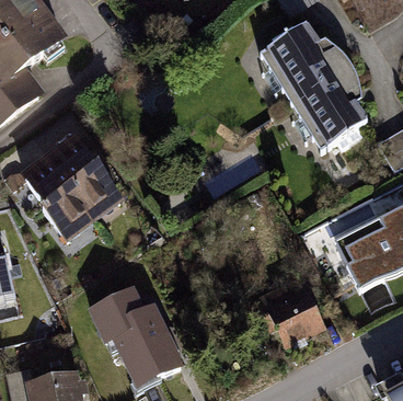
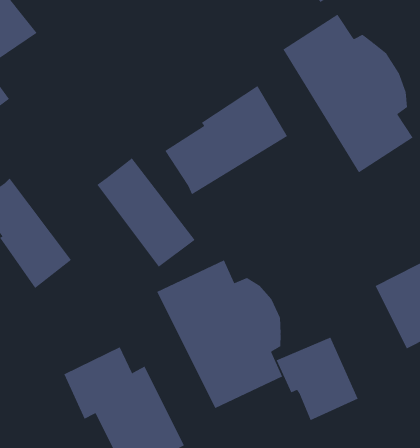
building: none -> [165,85,288,195]
building: [45,131,124,219] -> [96,157,196,267]
building: none -> [156,260,283,409]

